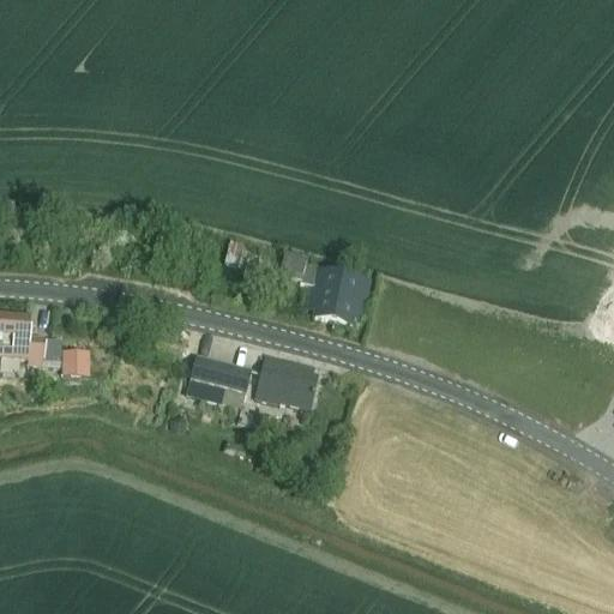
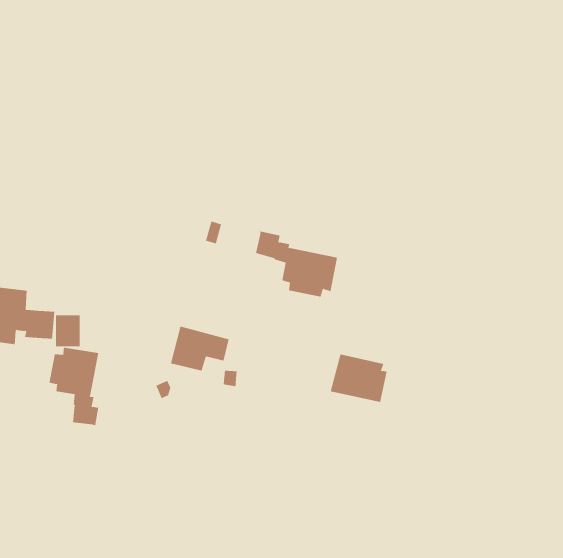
building: [255,356,318,409] -> [330,354,387,403]
building: none -> [49,347,99,426]

